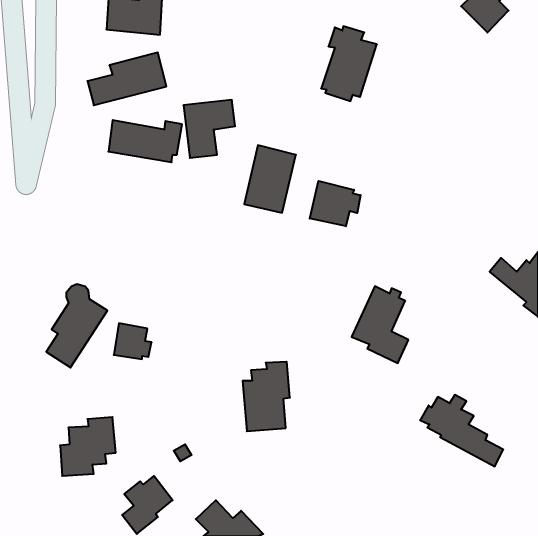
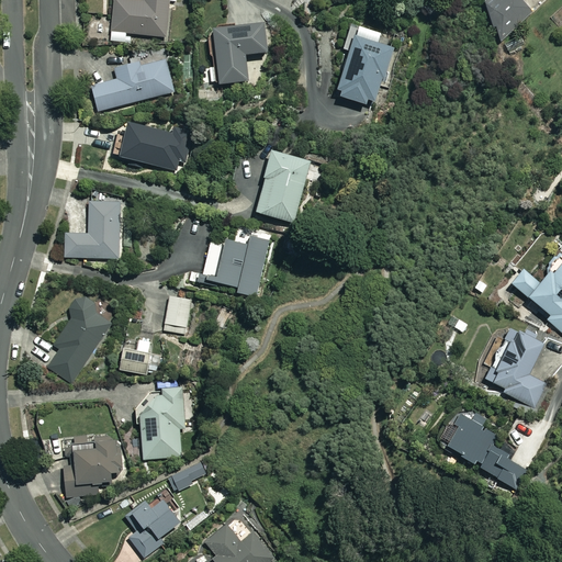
building: [183,100,235,158] -> [212,24,266,85]
building: [310,181,361,226] -> none
building: none -> [65,200,120,257]
building: none -> [202,236,268,295]
building: none -> [164,295,193,333]
building: [352,286,408,363] -> [485,326,544,406]
building: [243,362,290,431] -> [137,387,187,460]

